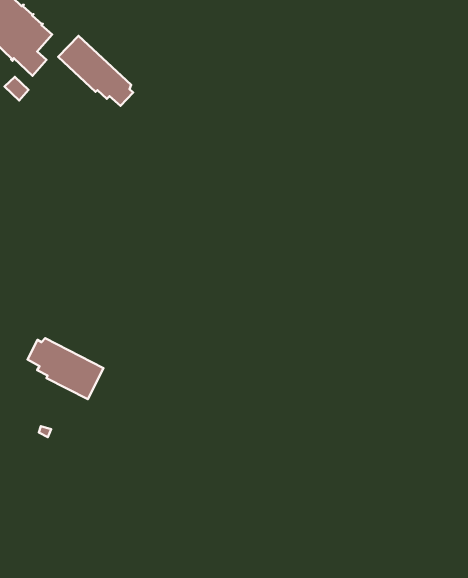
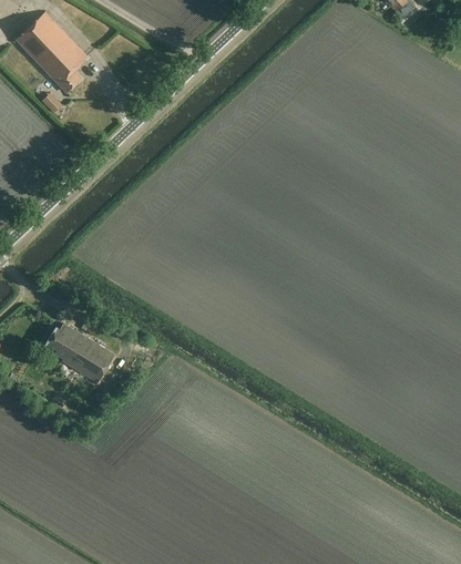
building: [58,36,133,106] -> none

